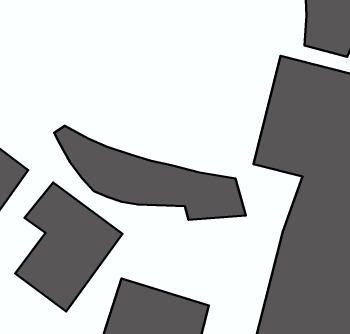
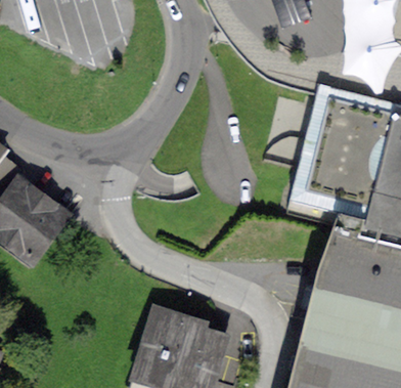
building: [54,126,246,220] -> none
building: [15,182,122,311] -> none

